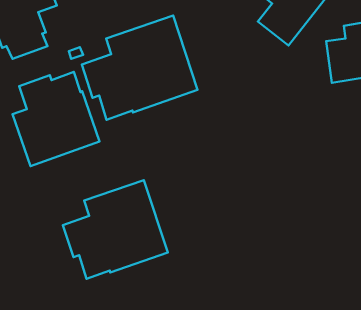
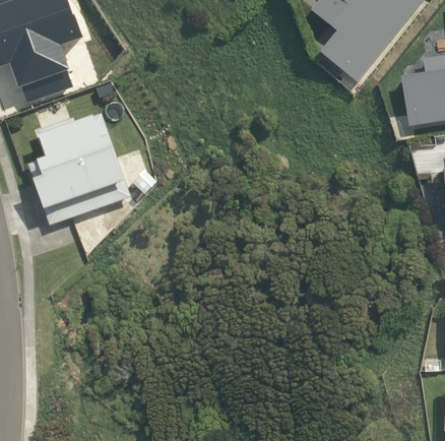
building: [82,16,198,120] -> none
building: [63,180,168,279] -> none

